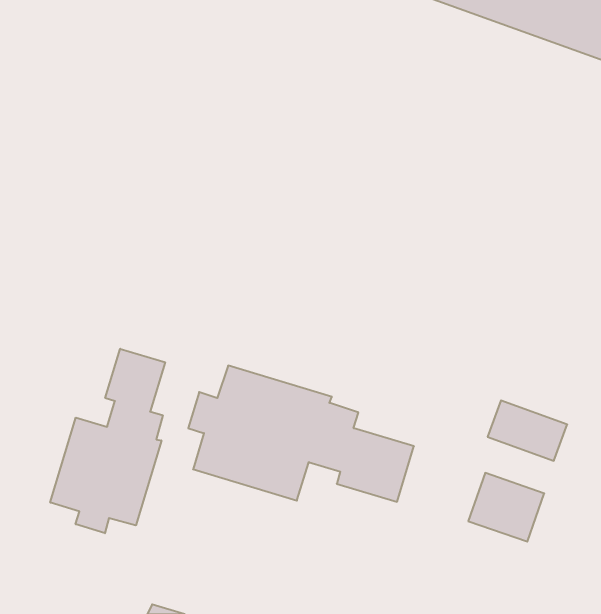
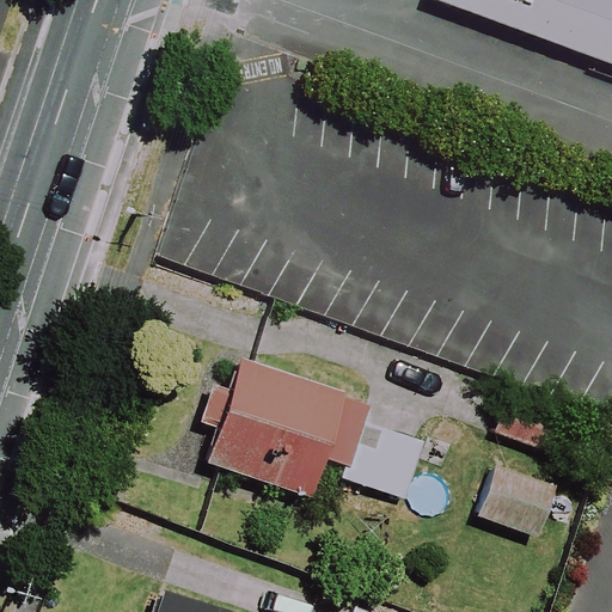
building: [50,349,165,533] -> none

